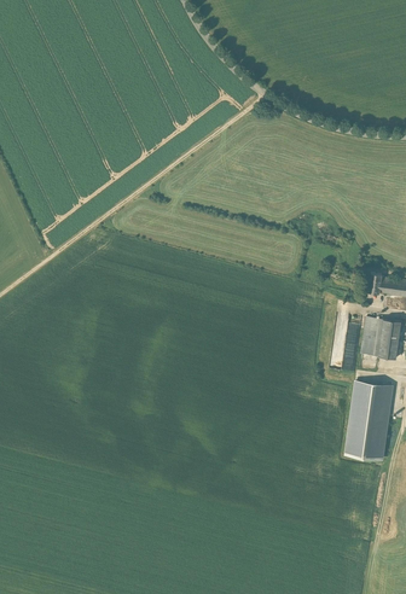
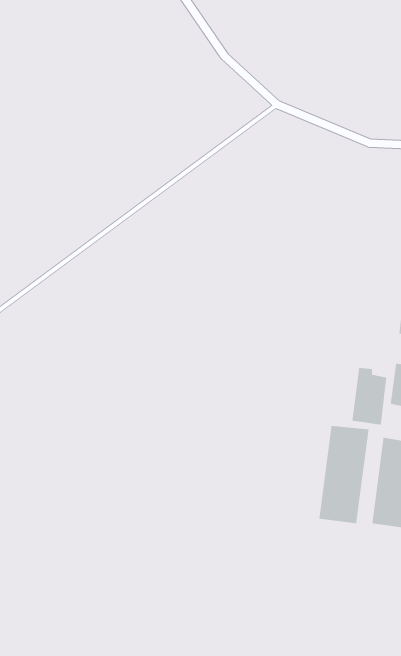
building: none -> [318,425,369,524]

